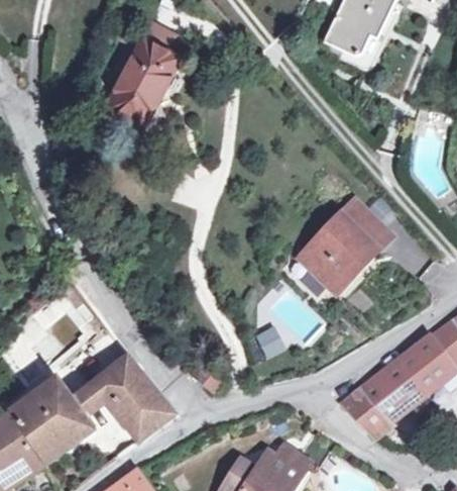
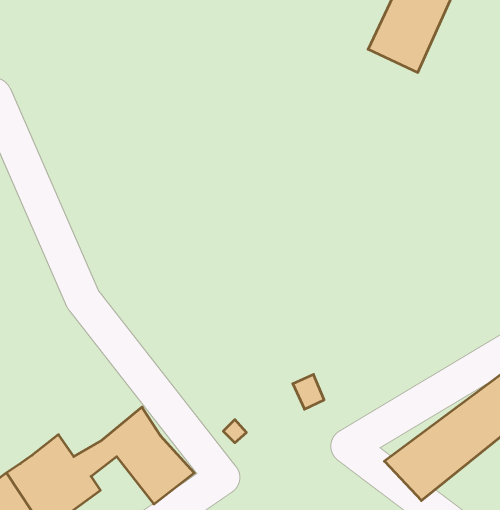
building: [106,38,179,127] -> none
building: [301,200,392,285] -> none

